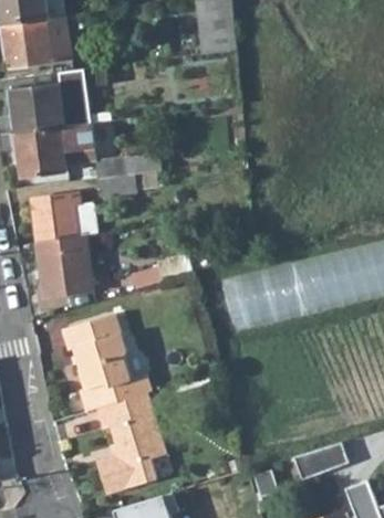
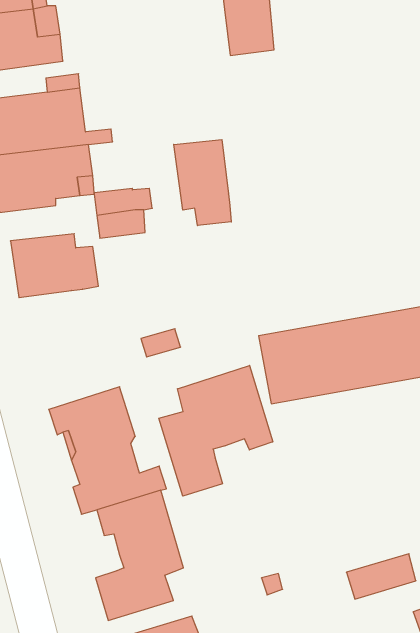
building: none -> [174,140,231,226]
building: [37,236,94,297] -> none
building: none -> [159,365,273,496]

